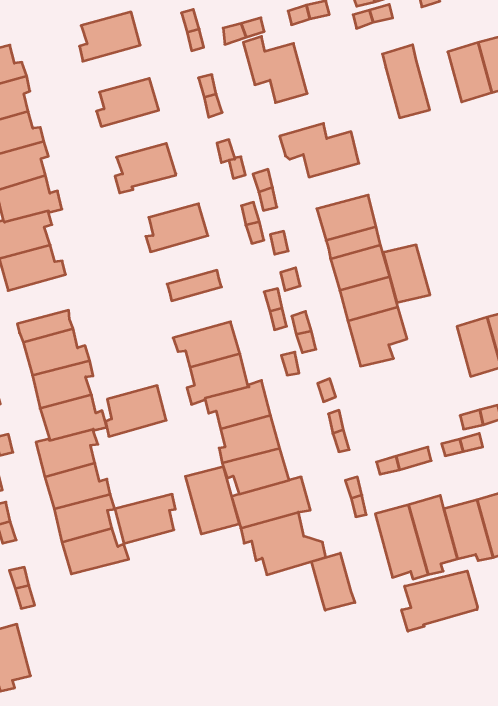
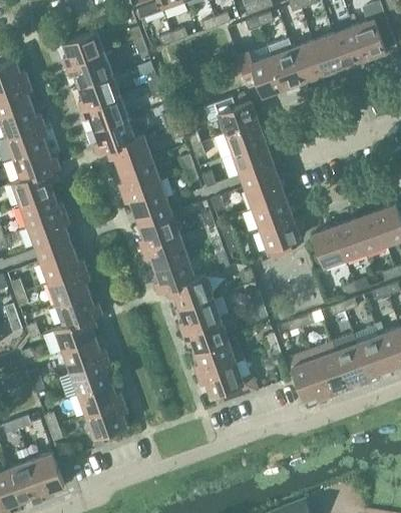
building: [243,36,307,103] -> [237,53,283,97]
building: none -> [65,54,111,88]
building: none -> [291,42,324,82]
building: none -> [81,97,126,131]
building: none -> [225,122,266,155]
building: none -> [105,136,151,170]
building: none -> [121,179,167,214]
building: [383,245,430,303] -> [311,227,345,268]
building: none -> [27,213,69,249]
building: [105,386,166,436] -> [138,213,179,250]
building: [185,466,239,534] -> none
building: [115,494,175,544] -> [85,403,126,439]
building: [311,553,355,610] -> none
building: [402,571,477,631] -> none

